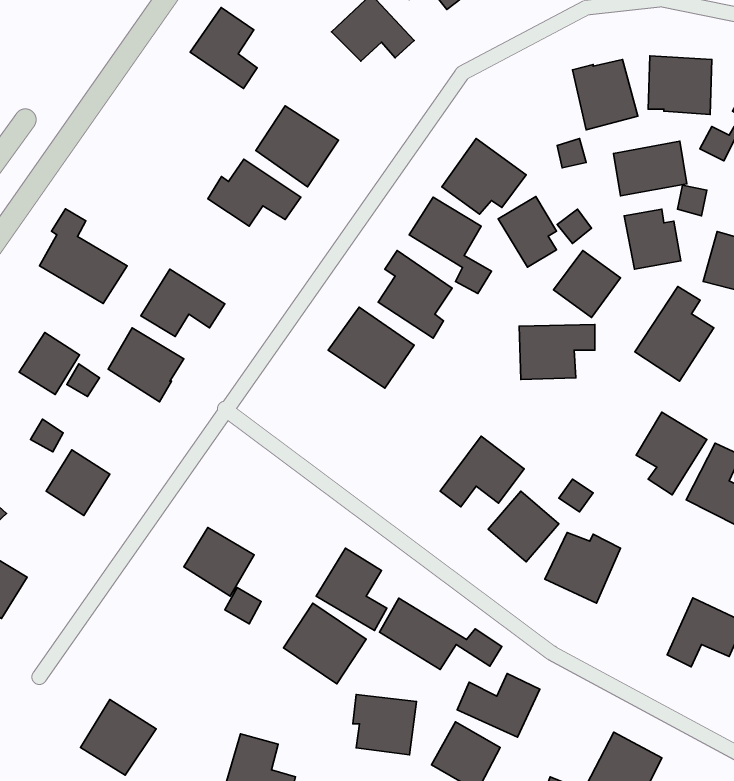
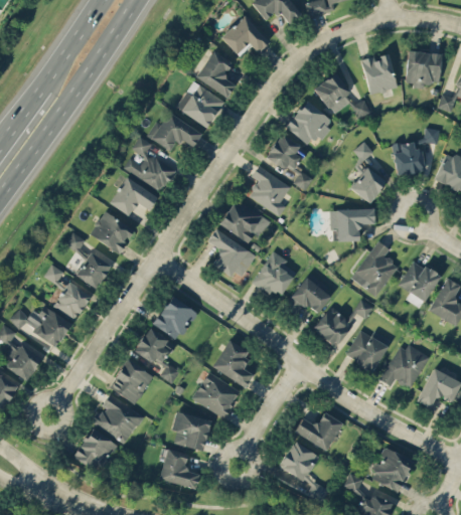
building: [190,8,257,88] -> [195,51,235,99]
building: [613,141,687,196] -> none
building: [498,197,557,267] -> [315,73,349,115]
building: [40,209,127,304] -> [125,137,176,192]
building: [635,286,714,381] -> [351,241,398,297]
building: [19,333,79,394] -> [75,252,111,289]
building: none -> [206,229,256,278]
building: none -> [253,251,295,296]
building: none -> [153,297,198,340]
building: none -> [31,309,70,347]
building: none -> [380,342,430,390]
building: none -> [110,360,153,405]
building: [379,598,502,669] -> none
building: none -> [92,395,143,444]
building: [353,695,416,755] -> [172,414,209,450]

